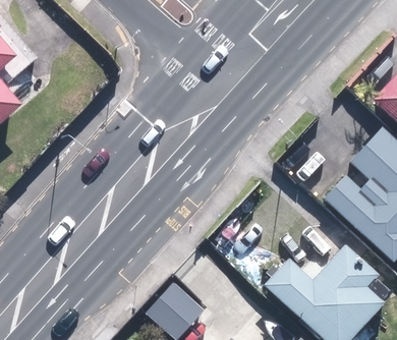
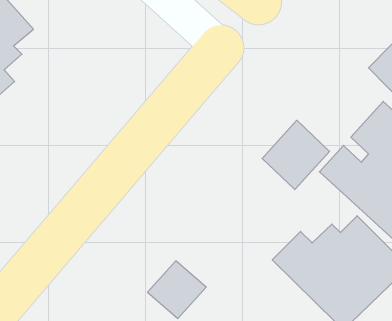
building: none -> [262,120,330,190]

